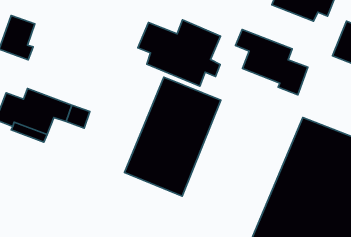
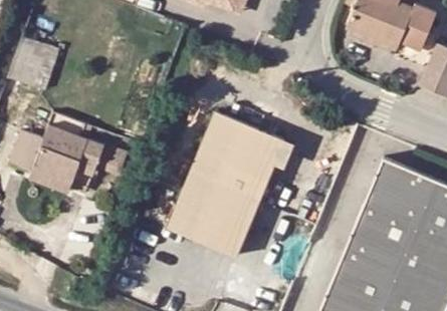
building: [138,20,221,86] -> none
building: [235,29,308,95] -> none

